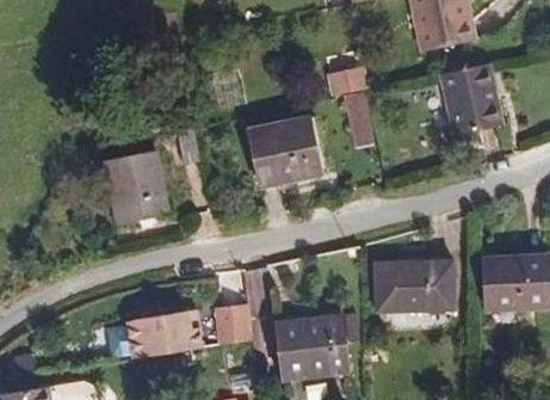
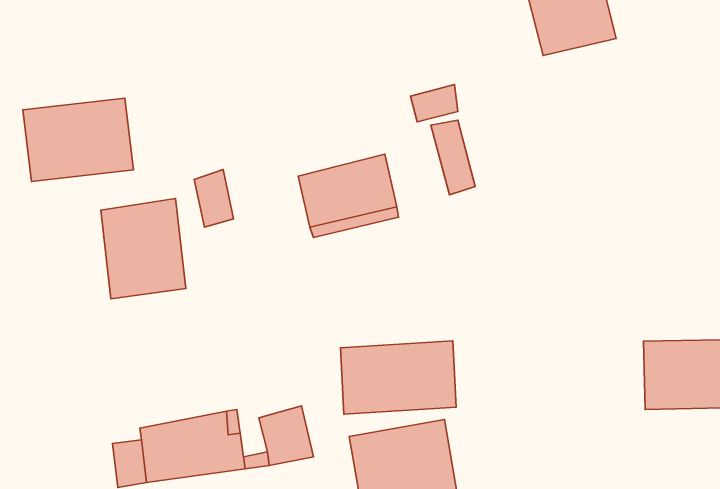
building: [433,66,494,143] -> none
building: none -> [23,98,134,182]
building: [377,257,458,308] -> [341,341,456,414]

